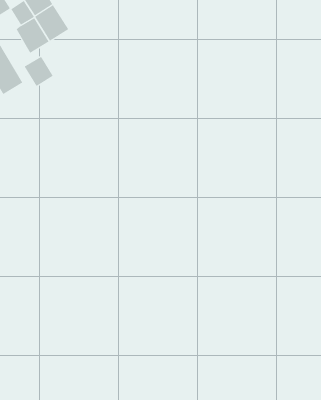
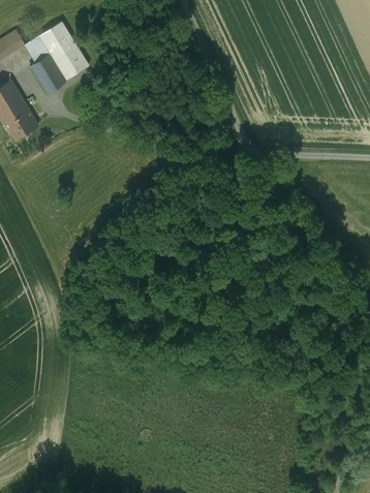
building: [24,56,54,87] -> none

